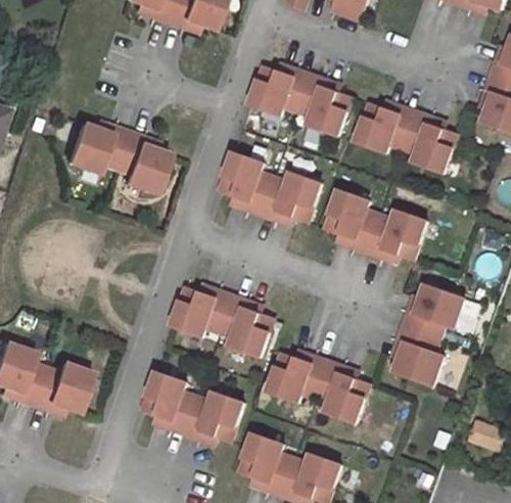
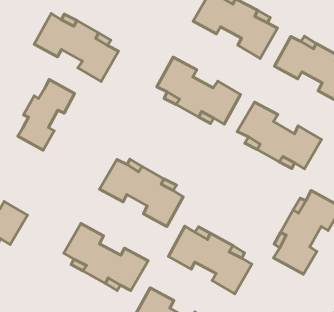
building: none -> [18,79,74,150]

